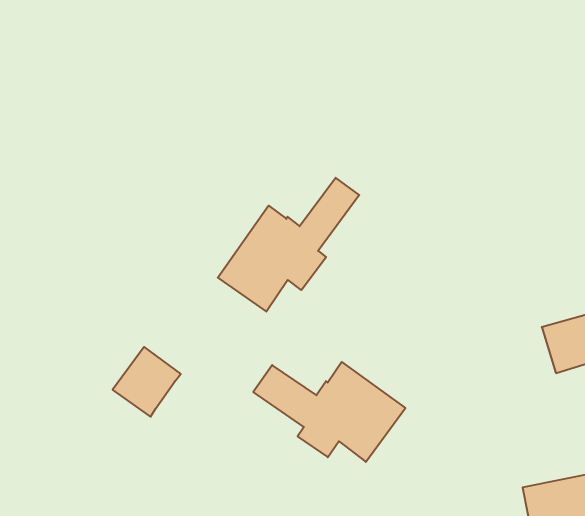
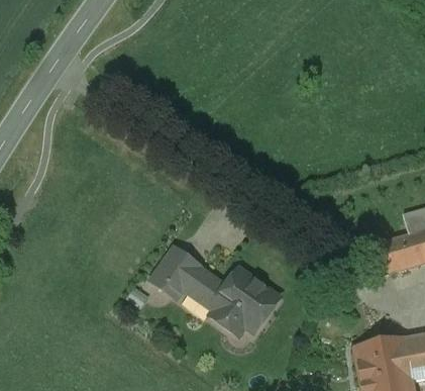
building: [218,178,359,312] -> none
building: [113,347,181,417] -> [154,248,198,292]

